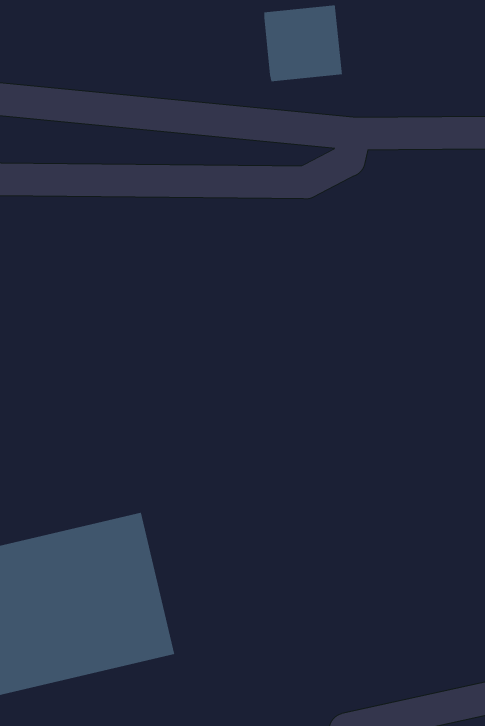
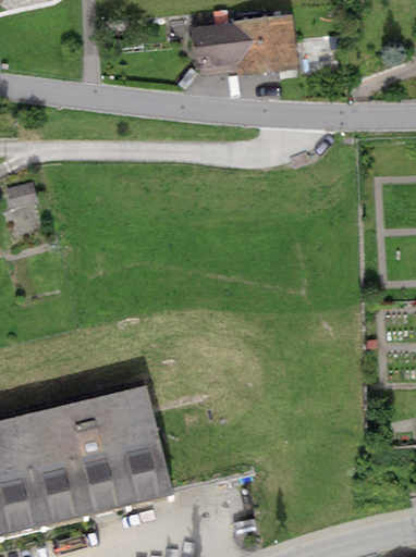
building: none -> [192,23,242,70]

